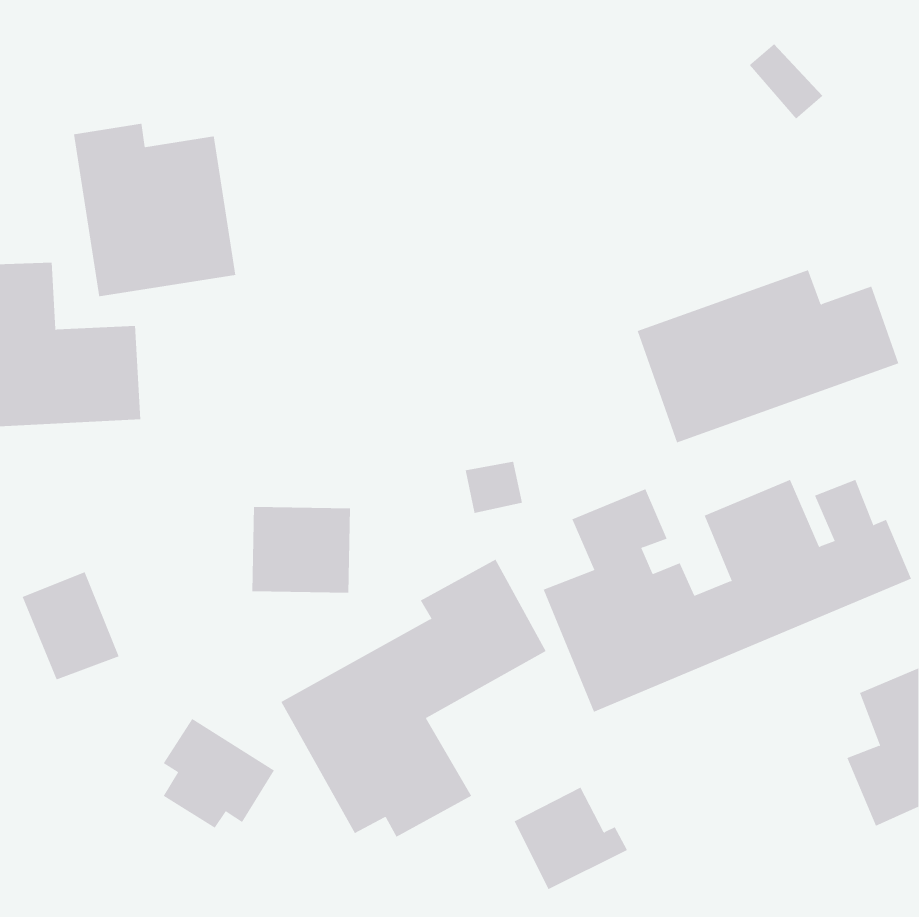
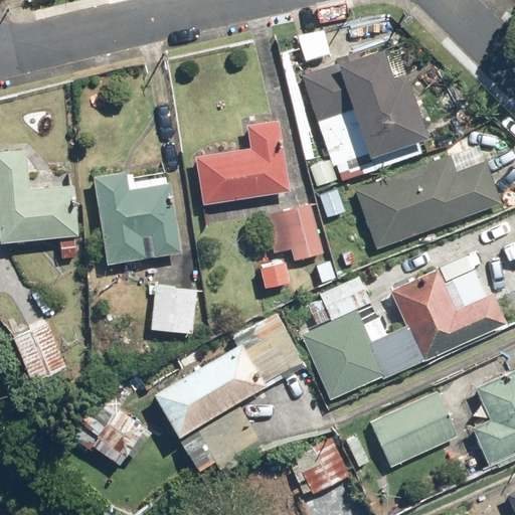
building: none -> [302,46,432,189]
building: [73,123,236,297] -> [92,169,182,266]
building: none -> [196,121,291,206]
building: none -> [264,204,323,262]
building: none -> [370,391,459,468]

